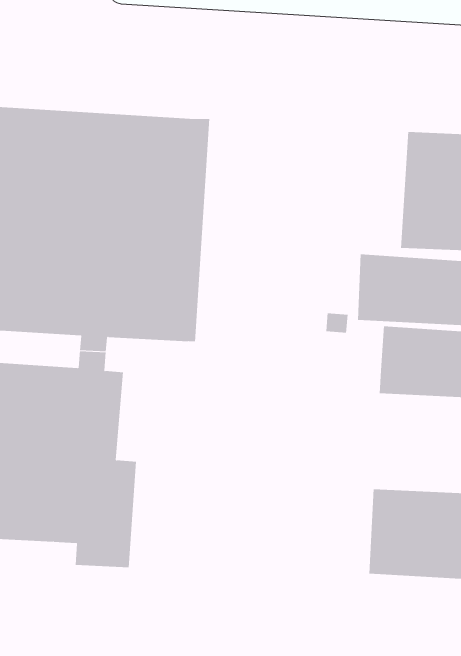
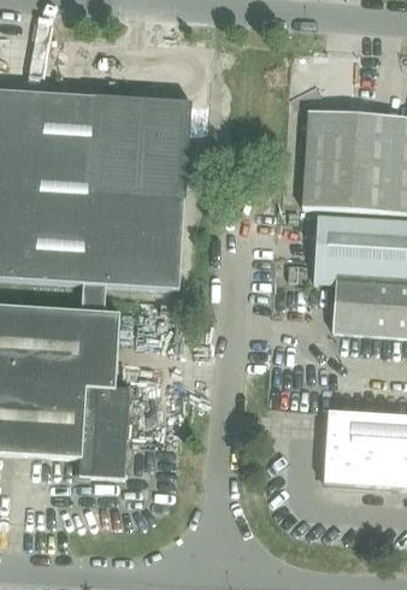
building: none -> [302,108,356,210]

